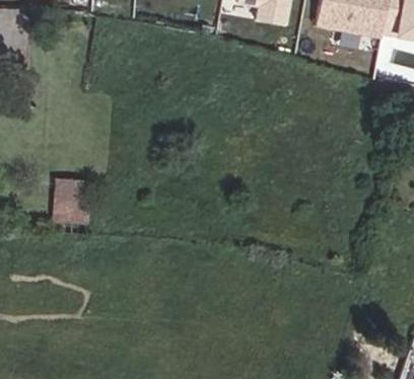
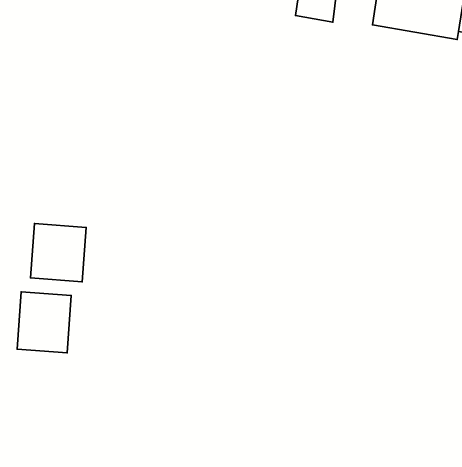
building: none -> [17,292,71,353]

